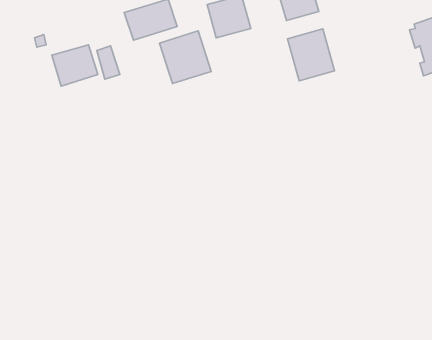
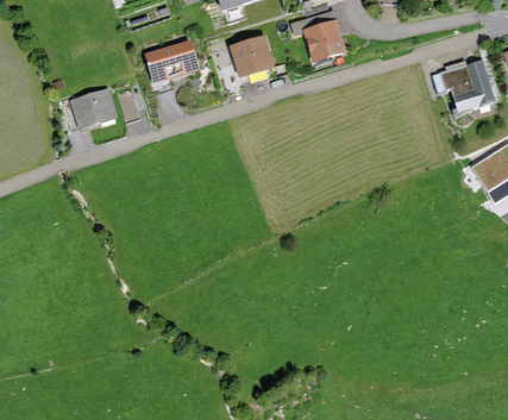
building: [288,29,335,81] -> none
building: [160,31,211,84] -> none

